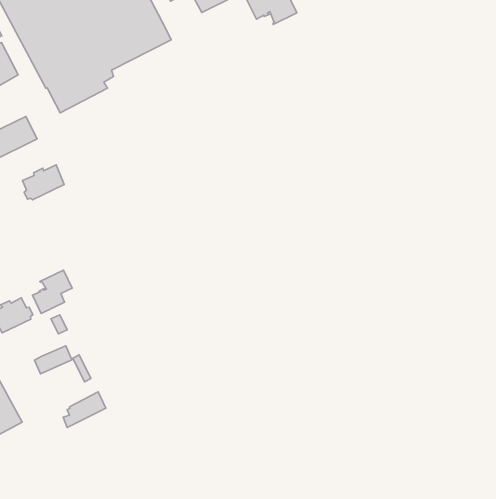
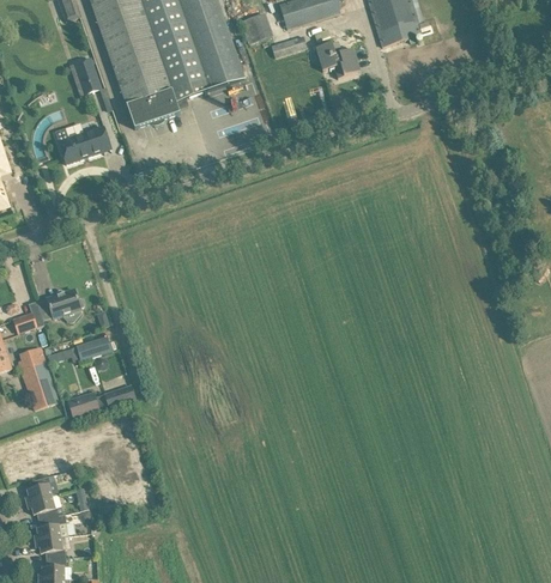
building: [23,165,64,200] -> none
building: [33,270,72,313] -> none
building: none -> [66,390,98,418]

